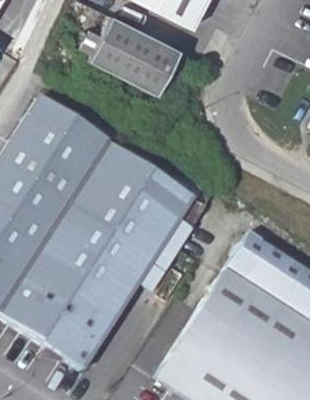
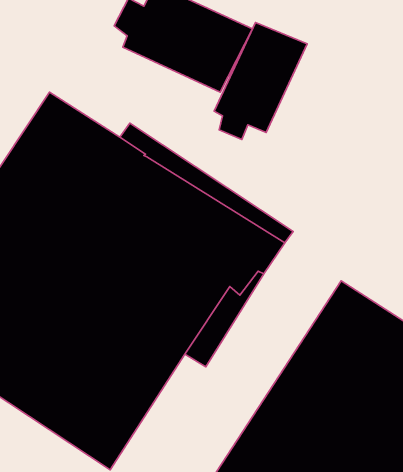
building: none -> [214,23,307,140]

